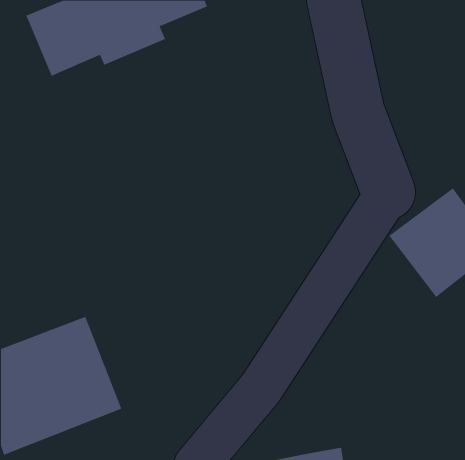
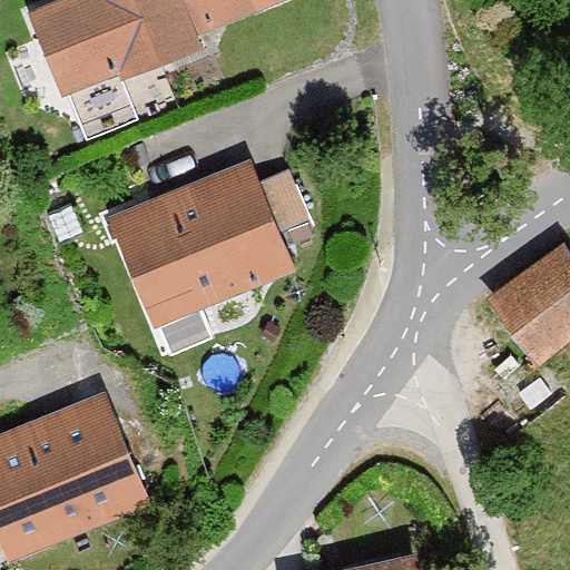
building: none -> [107,157,293,321]

